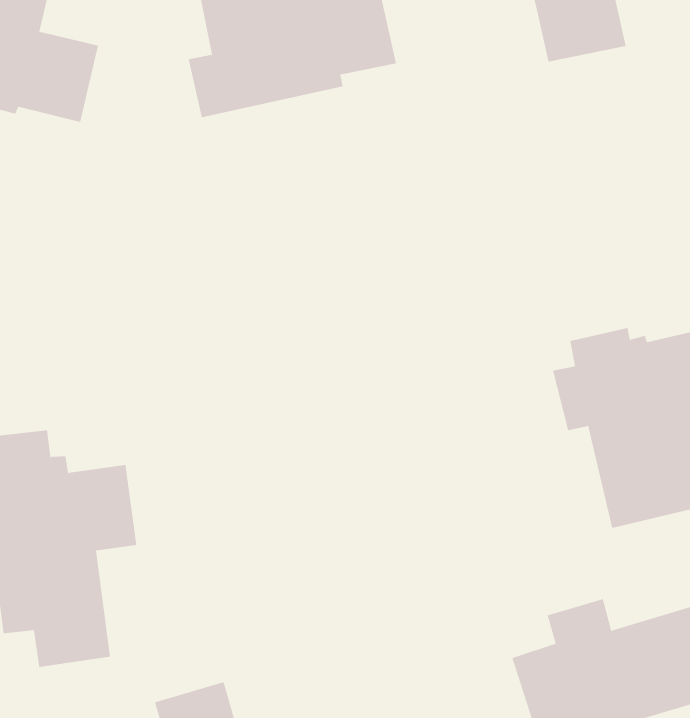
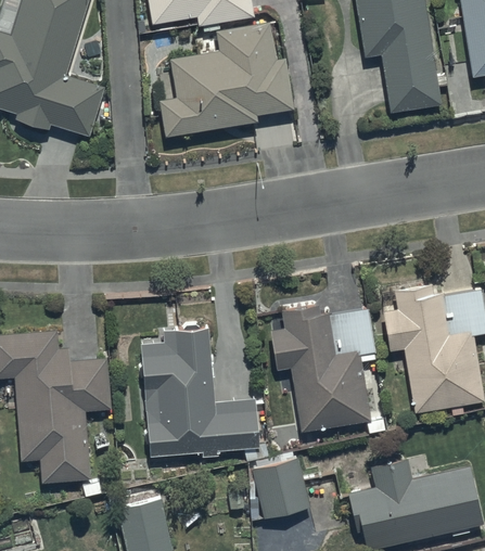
building: none -> [270,305,378,432]
building: none -> [142,325,257,457]
building: none -> [251,456,310,518]

